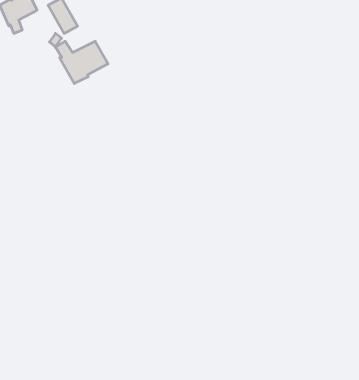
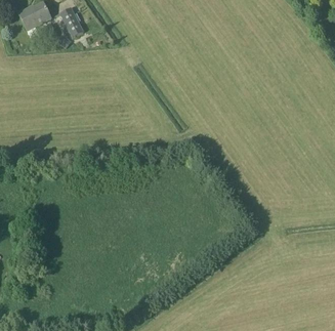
building: [55,41,108,84] -> none

